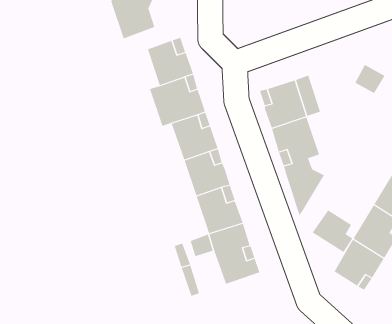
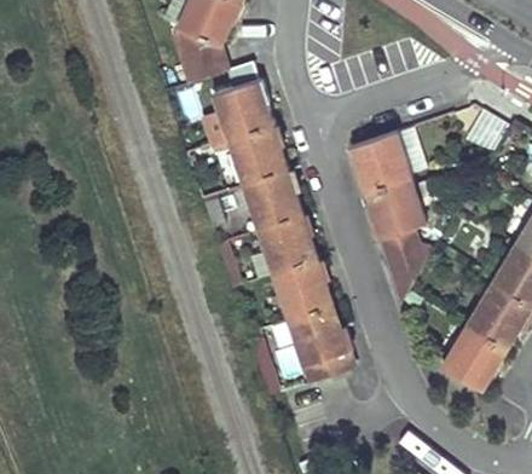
building: [312,210,353,253] -> none

